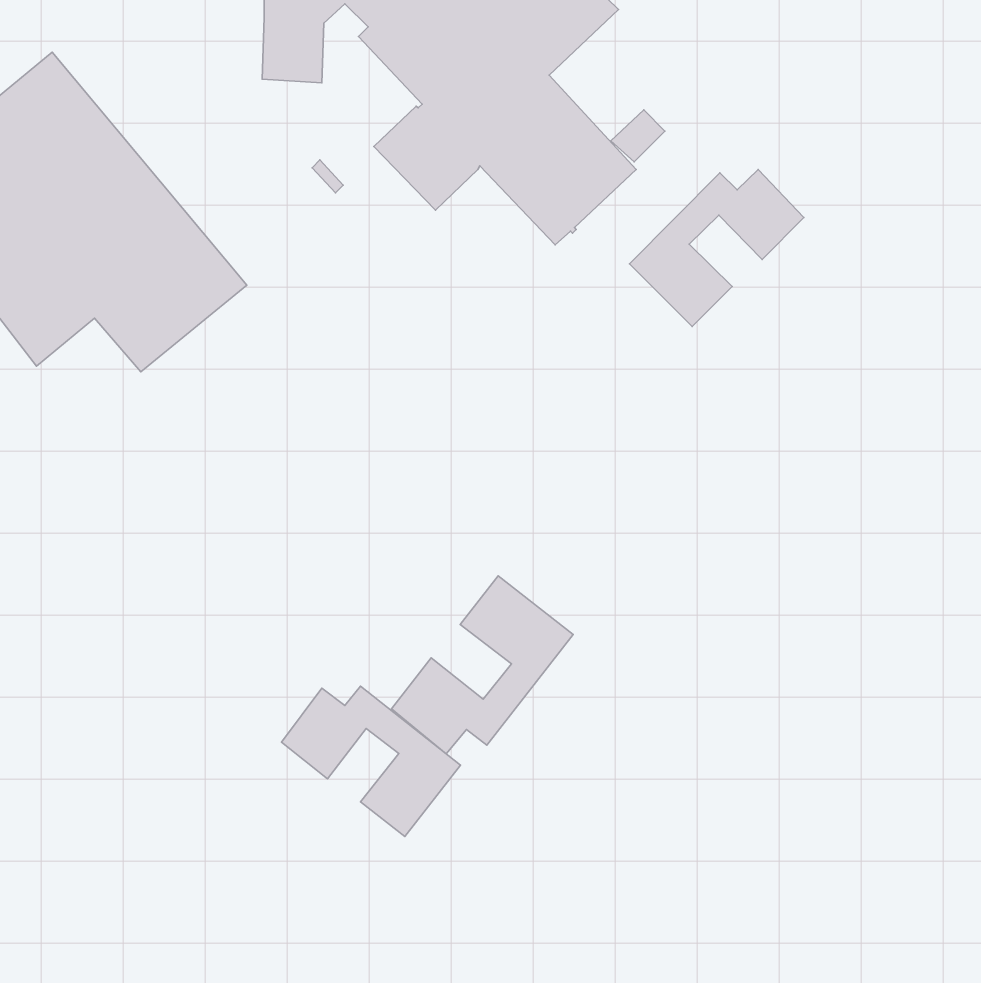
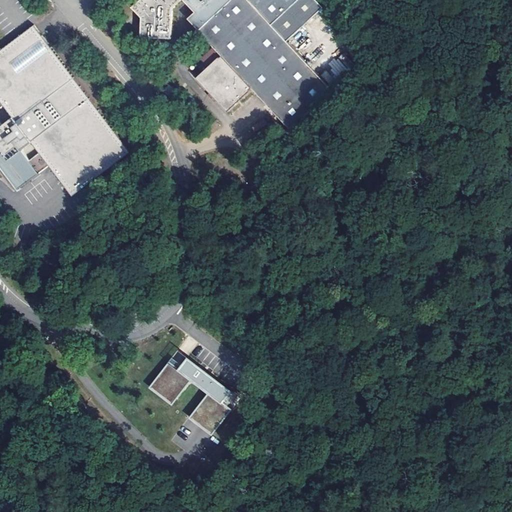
building: [629,170,804,327] -> none
building: [391,576,573,754] -> none

